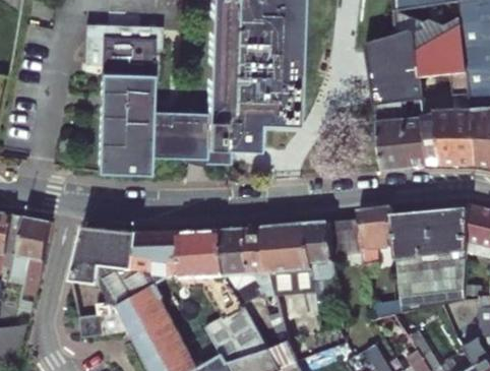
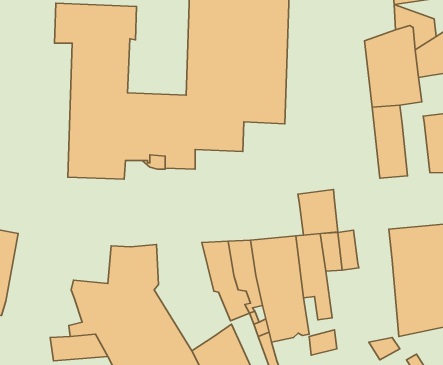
building: [404,118,429,168] -> none
building: [358,206,394,248] -> [298,190,338,235]
building: [73,226,136,283] -> none
building: [178,229,247,315] -> none

